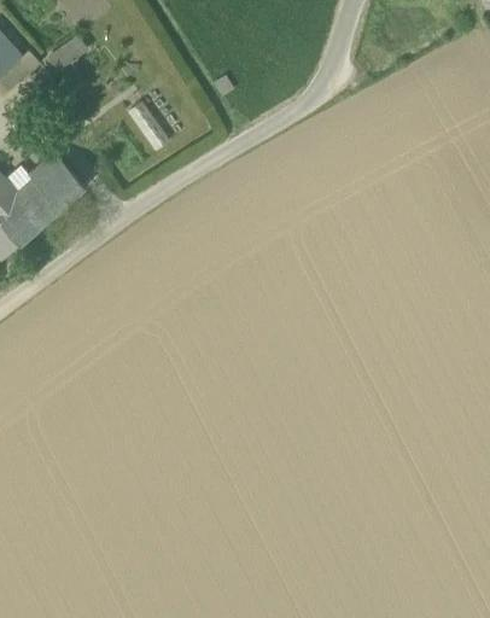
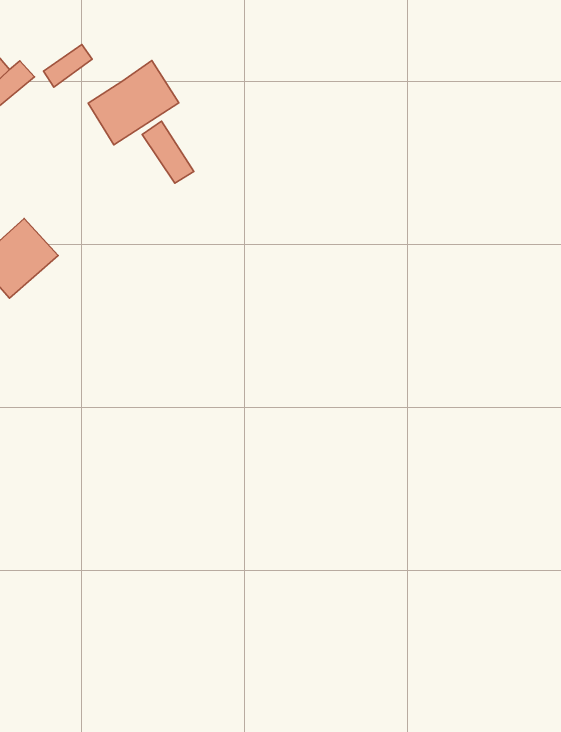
building: none -> [88,61,179,145]
building: [29,154,86,210] -> none

